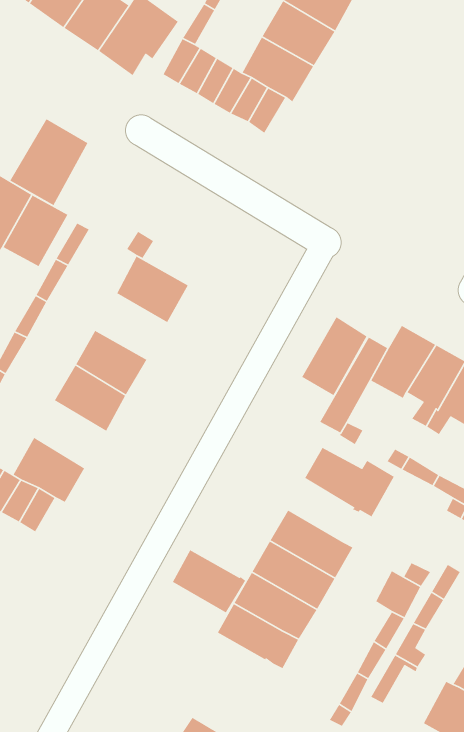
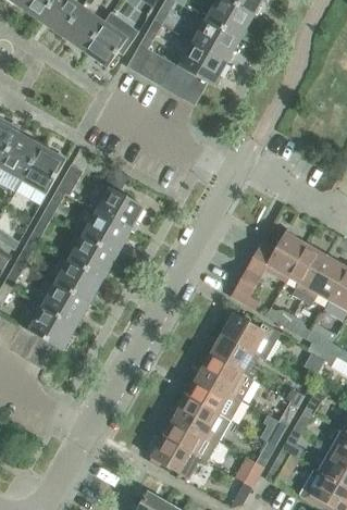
building: [9,118,88,206] -> none
building: none -> [83,211,131,254]
building: [301,316,368,396] -> none
building: none -> [42,282,90,326]
building: none -> [210,333,257,375]
building: [172,549,246,613] -> [151,435,200,477]

